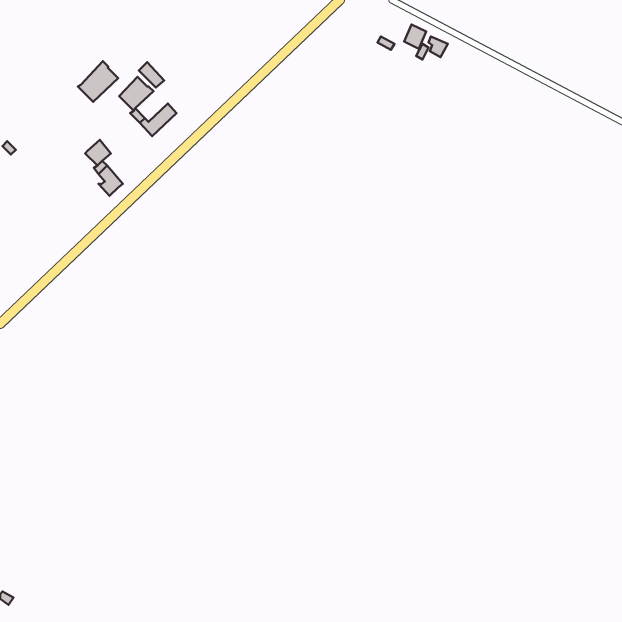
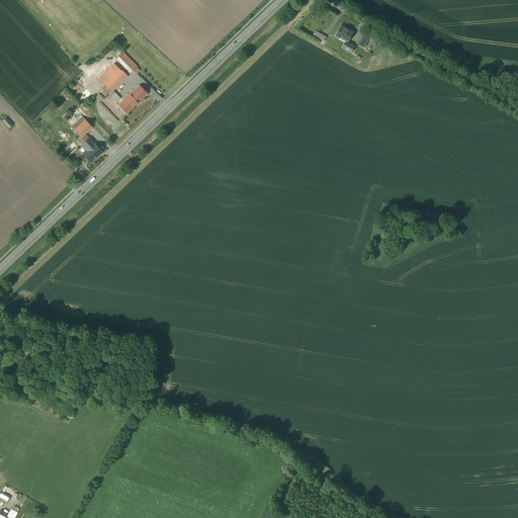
building: [78,61,118,102] -> none

